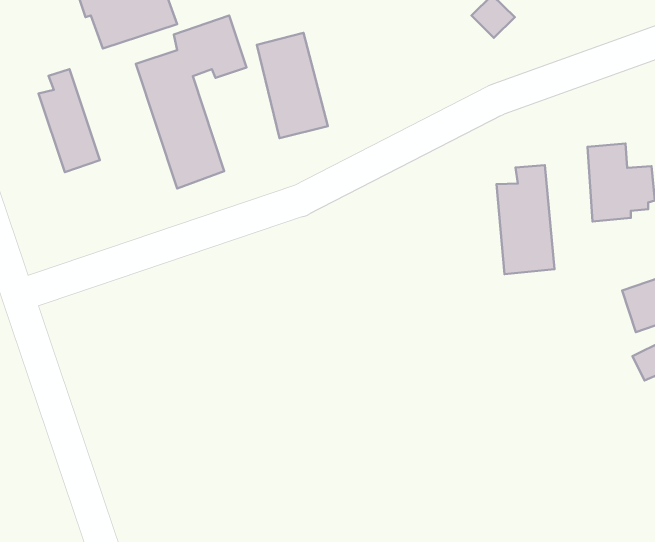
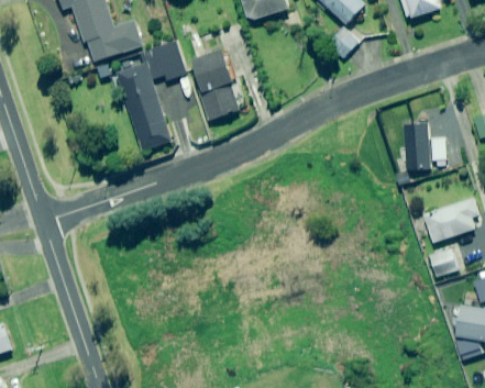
building: [39,69,100,172] -> none
building: [496,165,554,274] -> none

